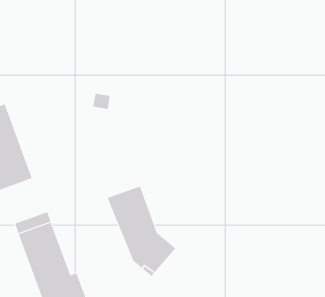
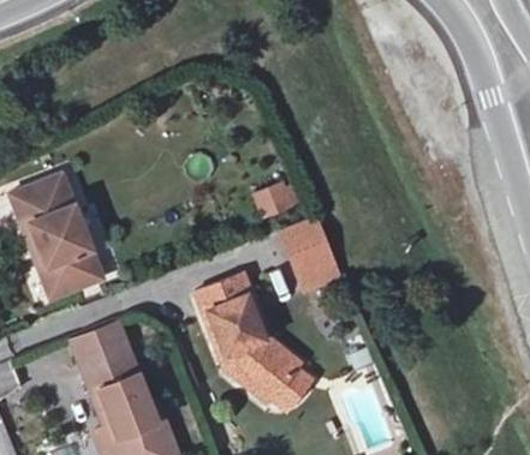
building: none -> [246,180,297,223]
building: none -> [284,223,334,281]

